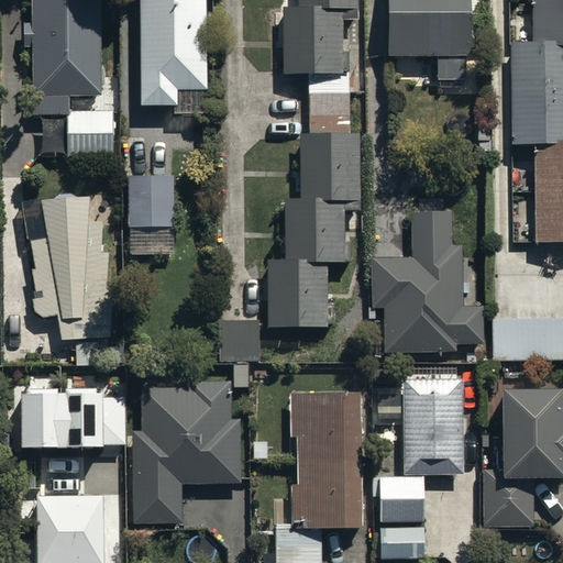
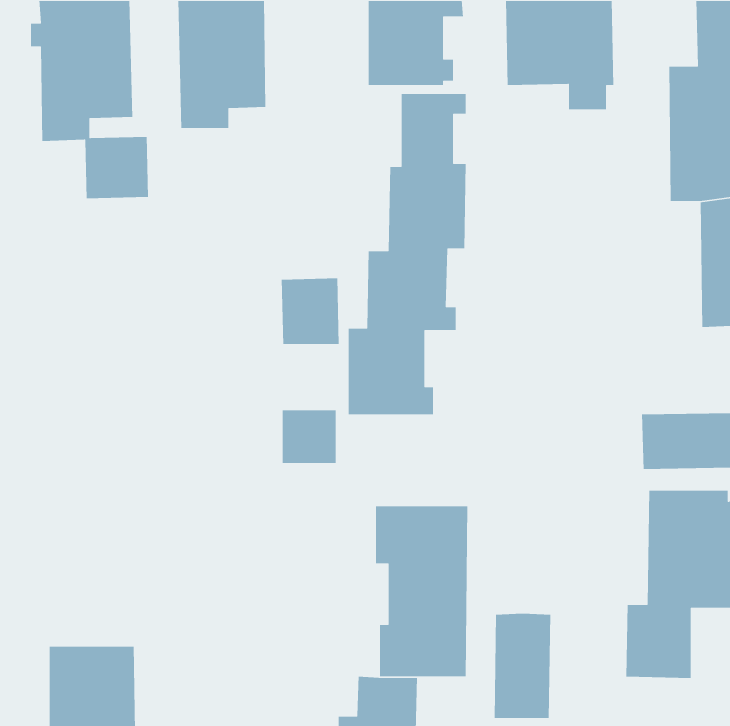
building: [129,174,174,225] -> [281,278,340,345]
building: [32,200,111,344] -> none
building: [372,209,484,350] -> none
building: [401,377,463,474] -> none
building: [132,380,241,521] -> none
building: [23,396,128,453] -> none

